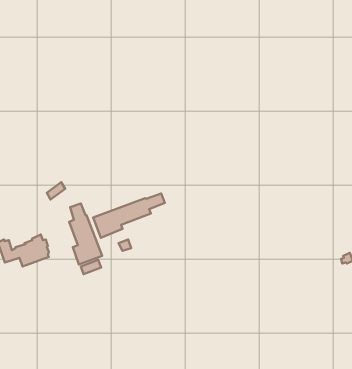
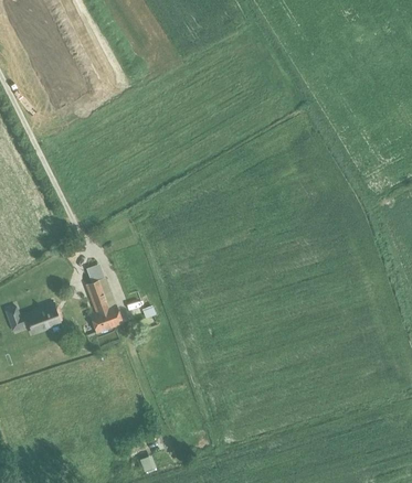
building: [93,194,165,238] -> none

